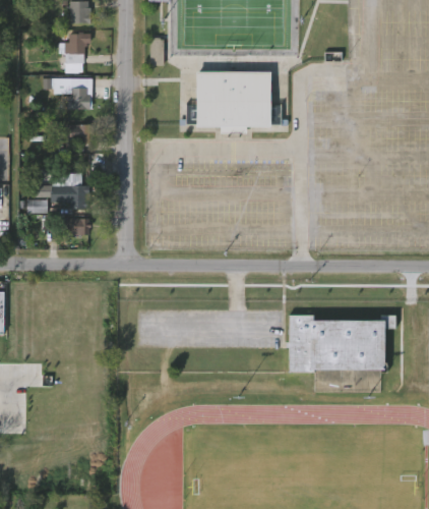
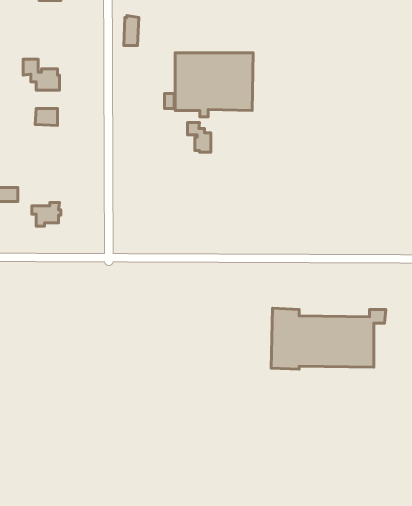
building: [58,33,87,62] -> none
building: none -> [188,122,211,152]
building: [51,184,87,208] -> none

